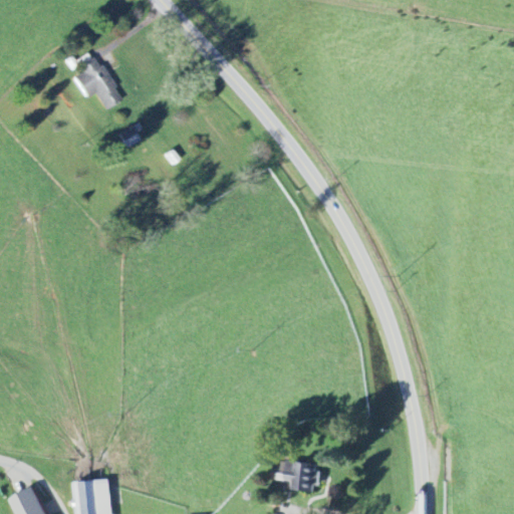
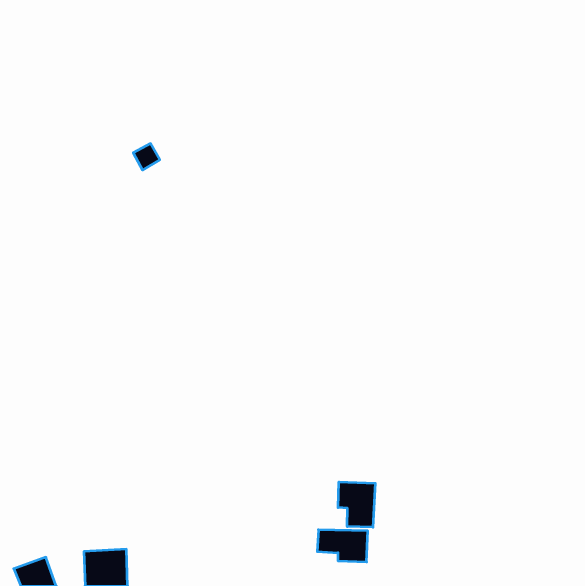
building: [72,54,121,109] -> none
building: none -> [338,482,375,527]

